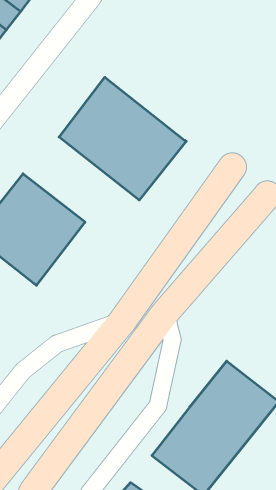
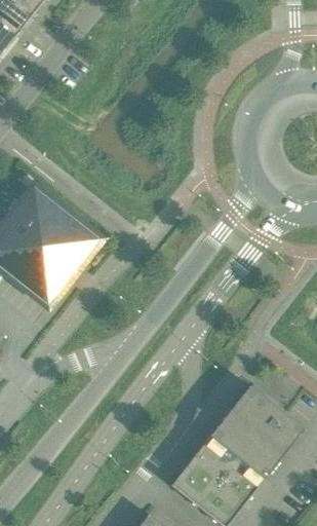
building: [59,77,186,200] -> none

